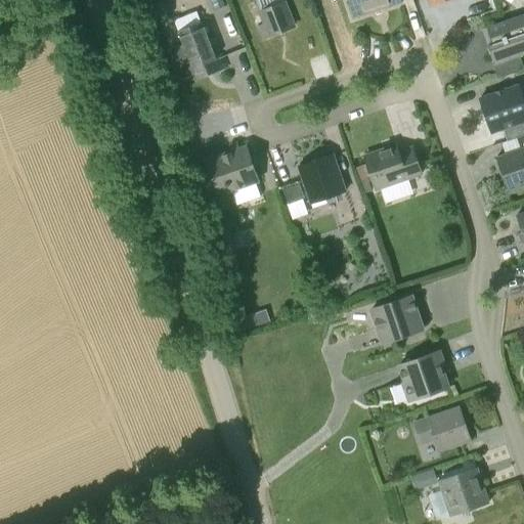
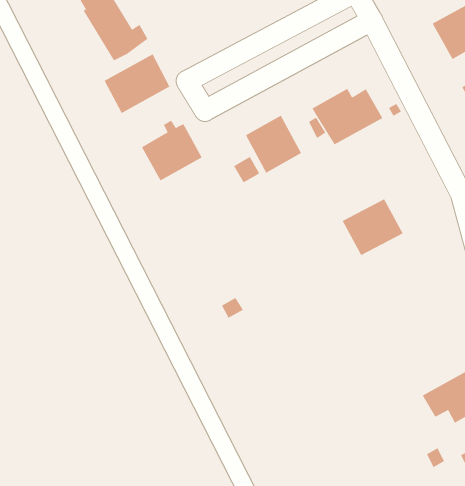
building: none -> [104,53,170,114]
building: [372,296,424,343] -> [342,198,403,256]
building: [399,351,448,400] -> none

